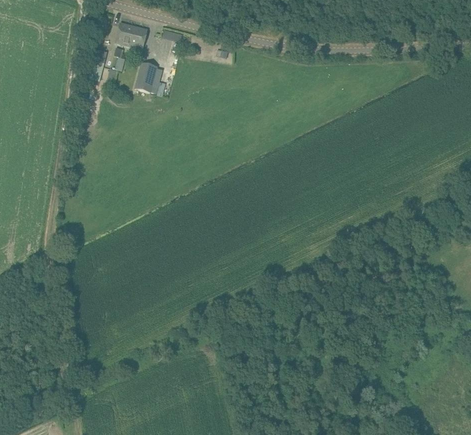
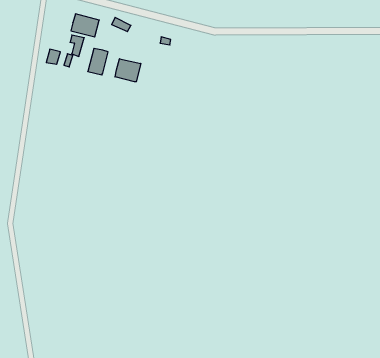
building: none -> [115,59,141,82]

